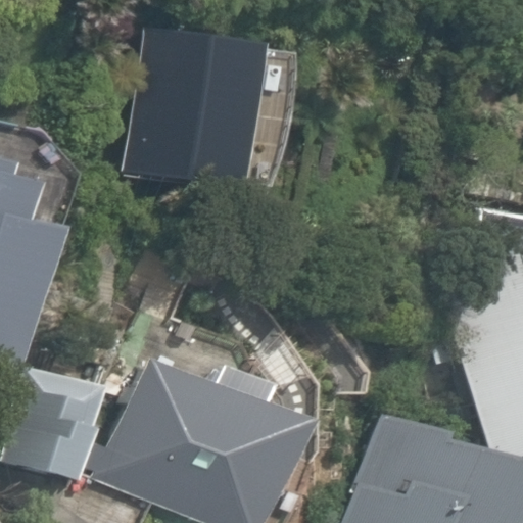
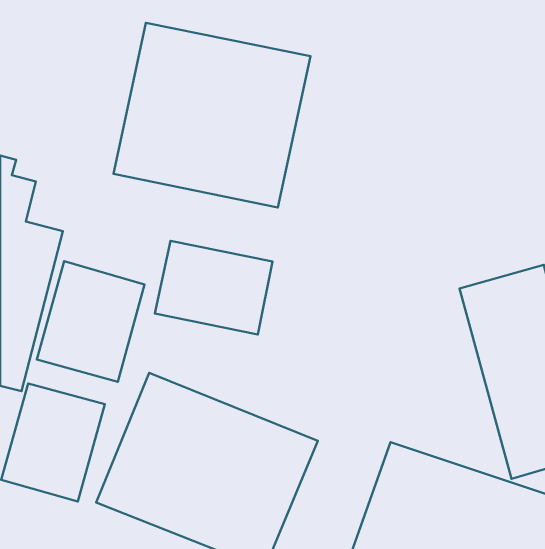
building: none -> [155,241,273,335]
building: none -> [37,261,144,382]

